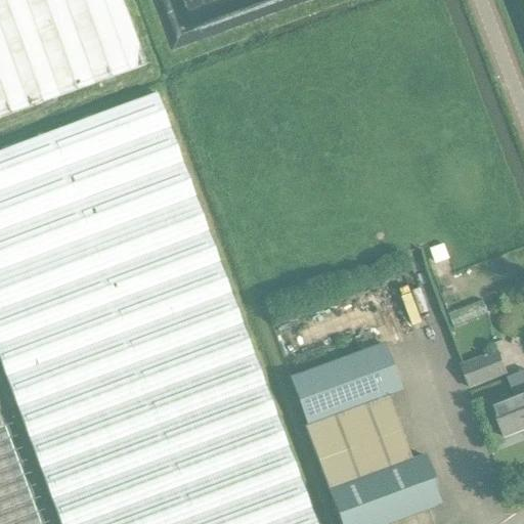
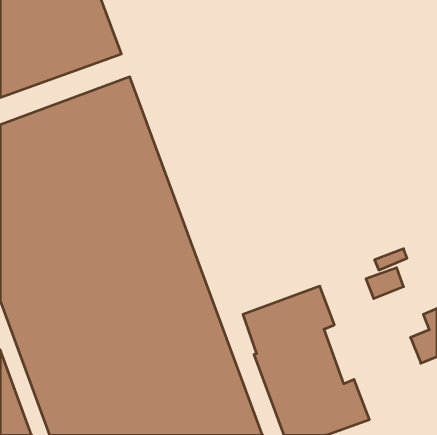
building: [461,350,506,387] -> [366,268,404,299]

